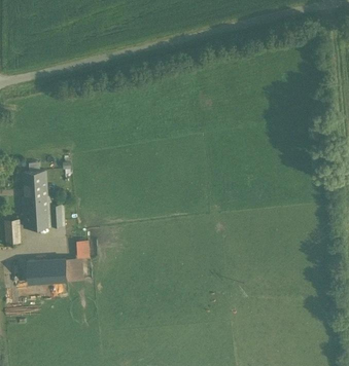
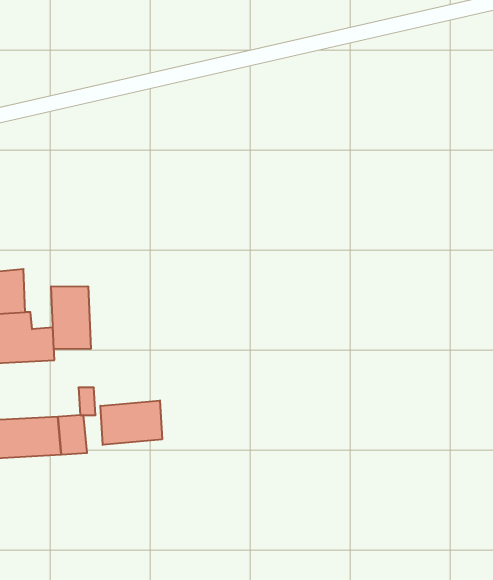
building: none -> [51,286,91,349]
building: none -> [100,400,162,445]

